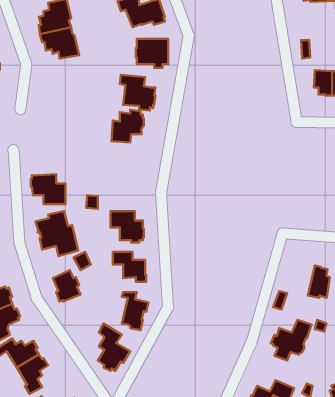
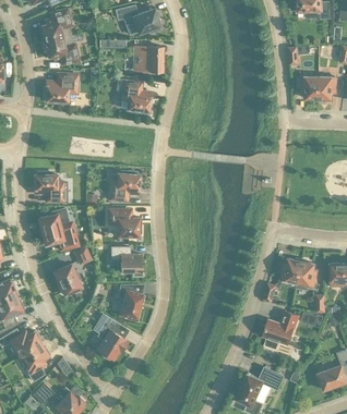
building: none -> [45,73,79,102]
building: [112,110,144,142] -> [110,170,141,200]
building: none -> [279,258,302,288]

